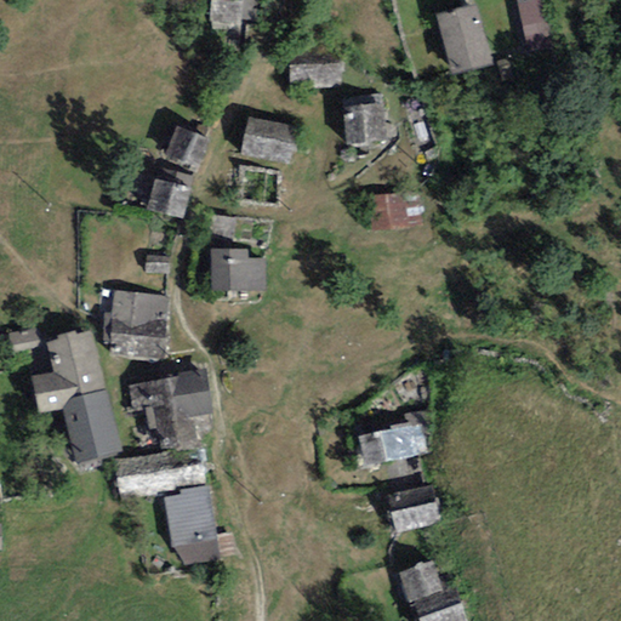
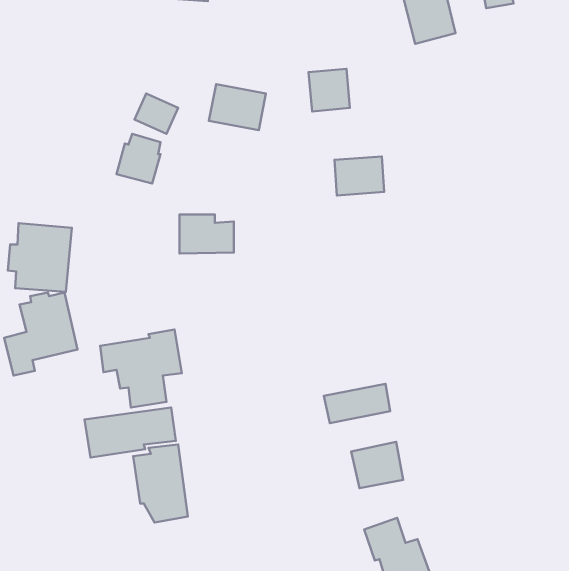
building: [287,55,338,89] -> none
building: [102,290,167,360] -> [8,223,72,292]
building: [59,388,121,463] -> none

